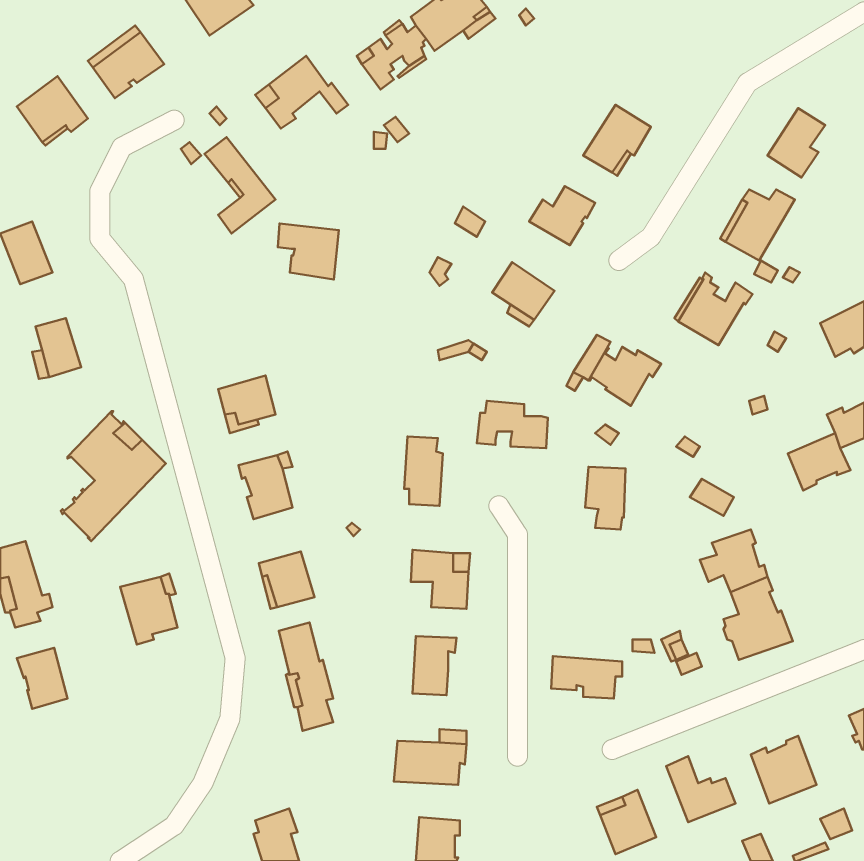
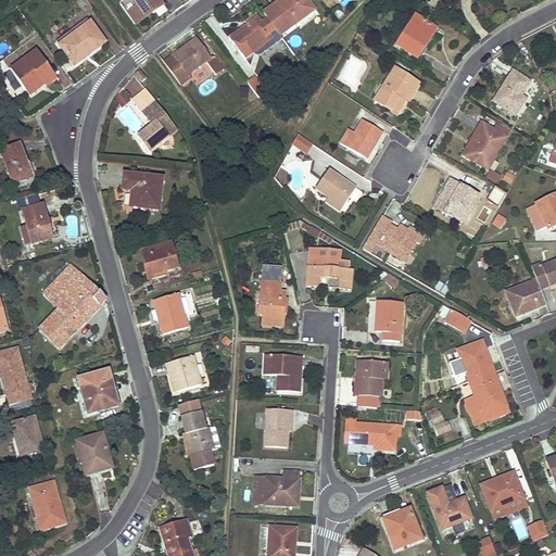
building: none -> [396,14,435,56]
building: [278,224,339,279] -> [123,173,162,208]
building: none -> [356,359,388,396]
building: none -> [77,433,113,473]
building: none -> [29,481,65,529]

